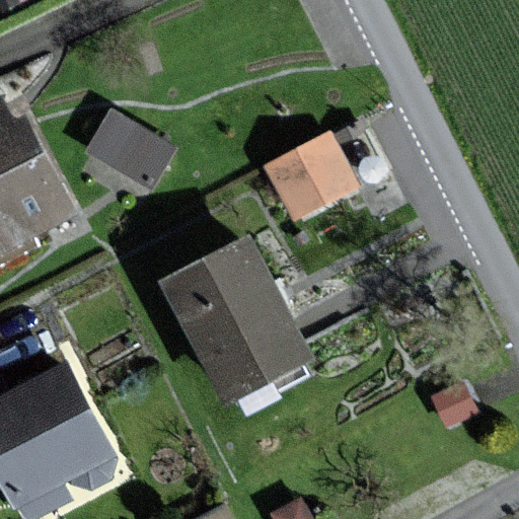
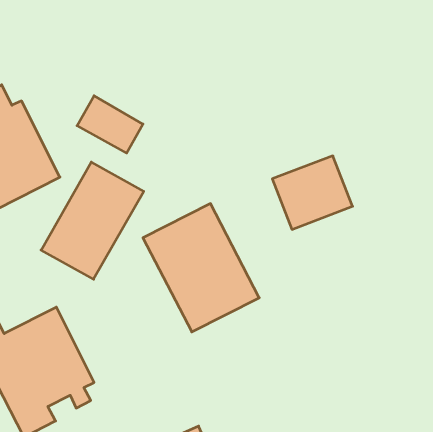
building: [265,128,360,215] -> [272,156,353,229]
building: none -> [41,162,144,279]

